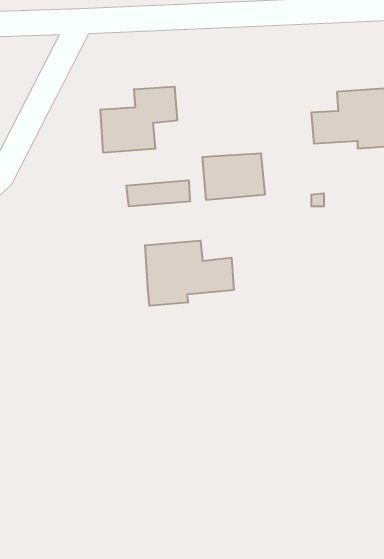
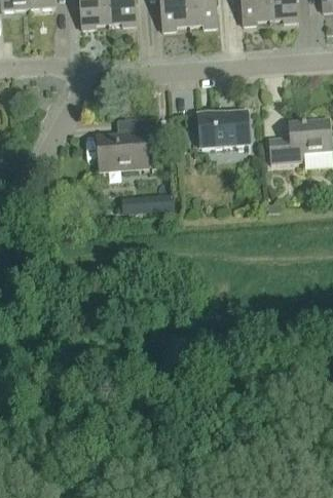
building: [202,153,265,200] -> [198,109,249,146]
building: [145,241,234,306] -> none

